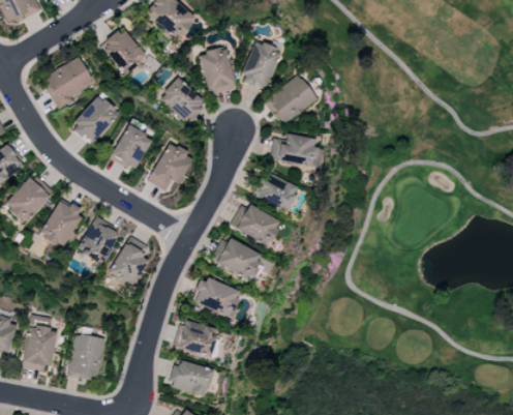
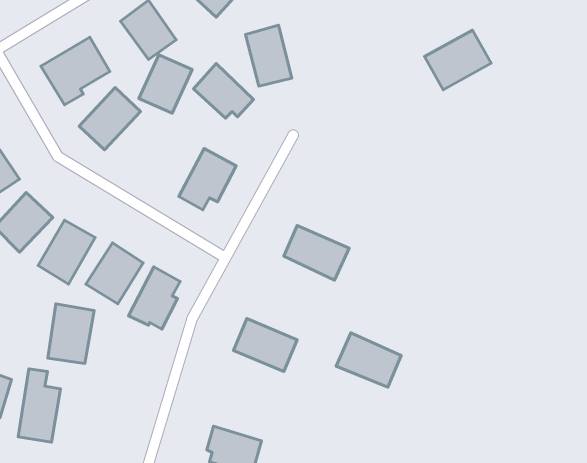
building: [240,40,281,89] -> none
building: [265,77,316,123] -> [425,30,491,90]
building: [111,125,152,171] -> [139,55,192,113]
building: [271,134,322,168] -> none
building: [252,171,298,211] -> none
building: [210,236,261,278] -> [336,333,401,387]
building: [174,319,216,356] -> none
building: [69,333,105,380] -> [48,304,94,364]

